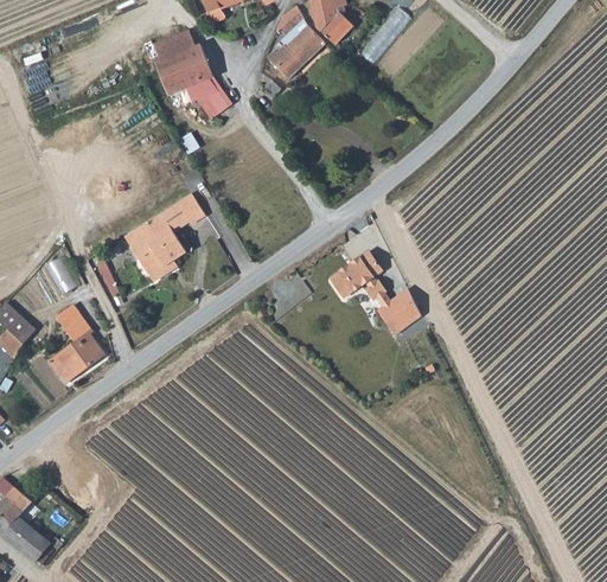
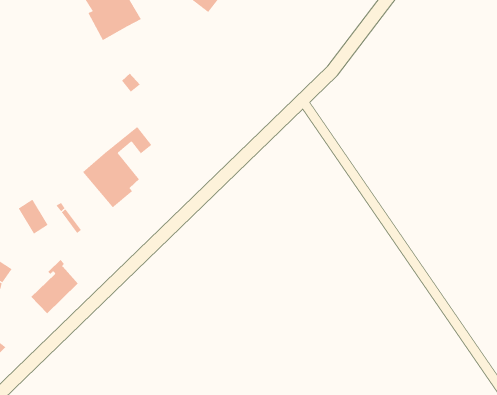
building: [190,77,234,119] -> none
building: [330,250,416,325] -> none
building: [56,305,88,338] -> none

